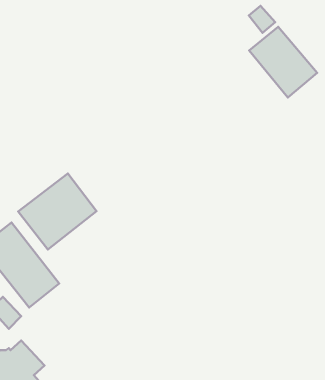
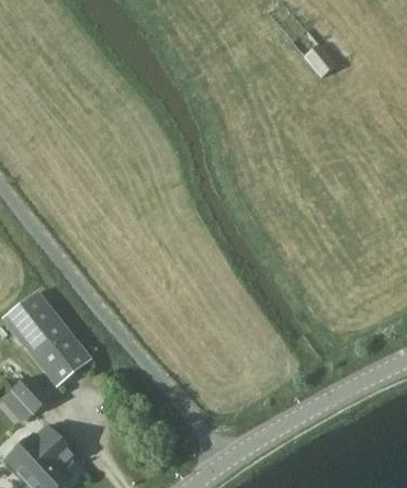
building: [249,27,317,97] -> none
building: [18,174,97,249] -> none

